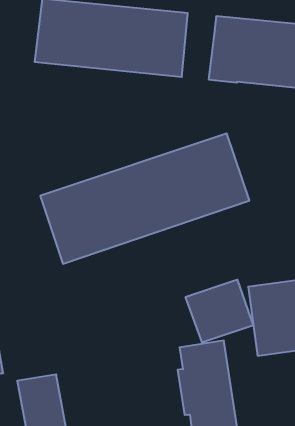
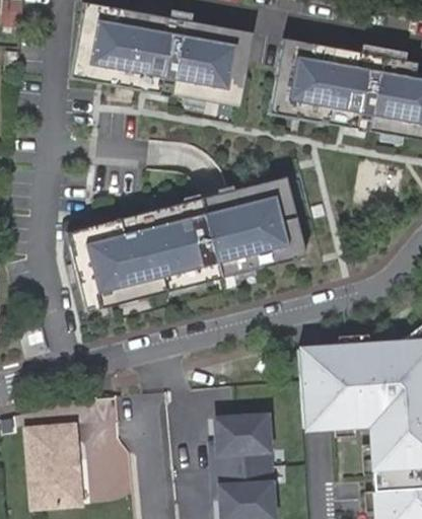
building: [186,280,253,343] -> none

